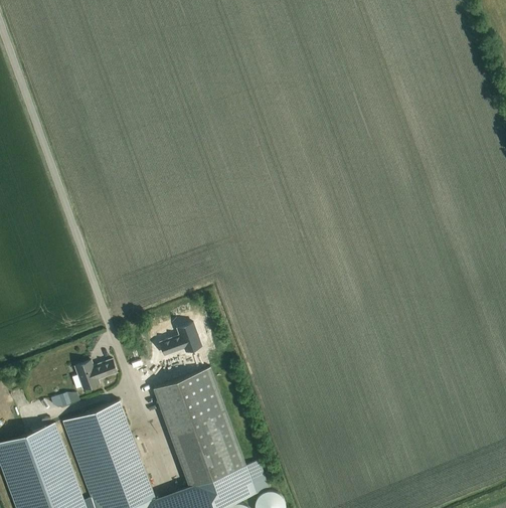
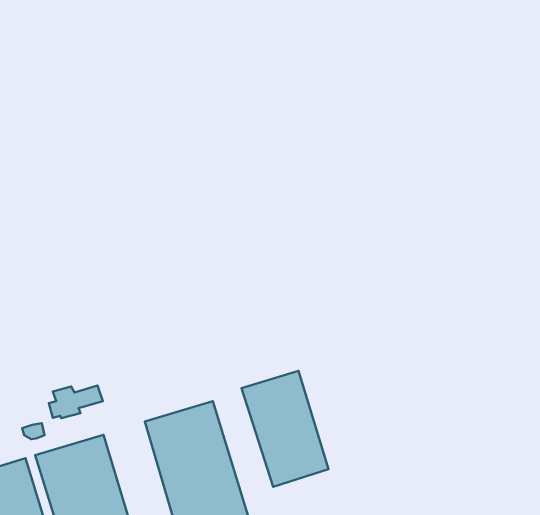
building: [161,324,202,354] -> none
building: none -> [241,371,329,487]

